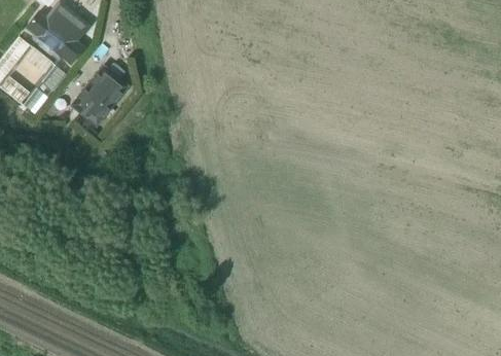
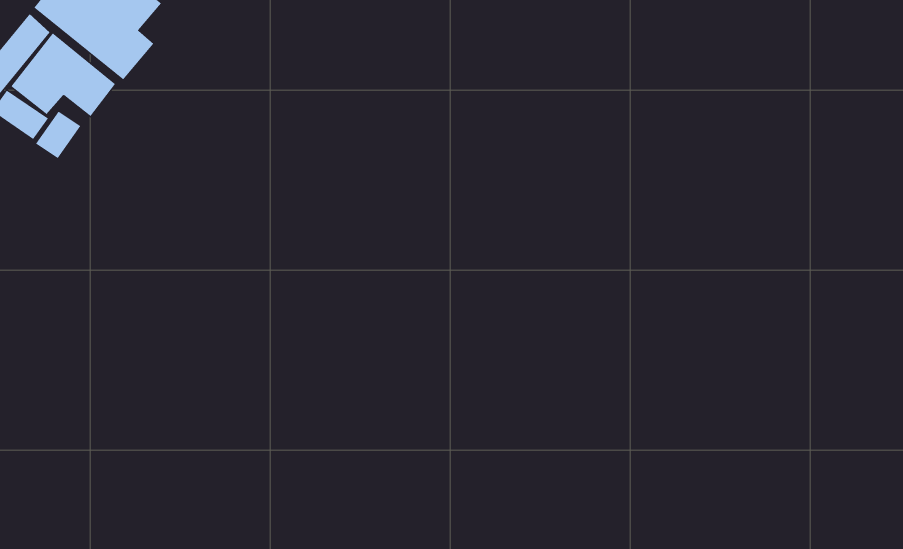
building: [71,65,126,122] -> none

